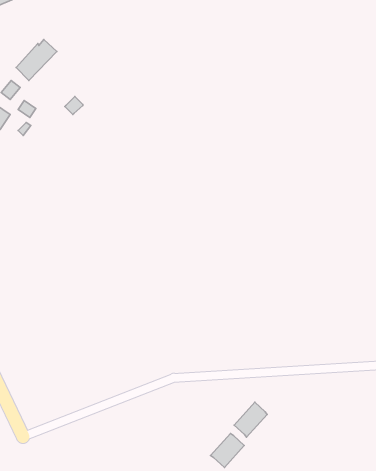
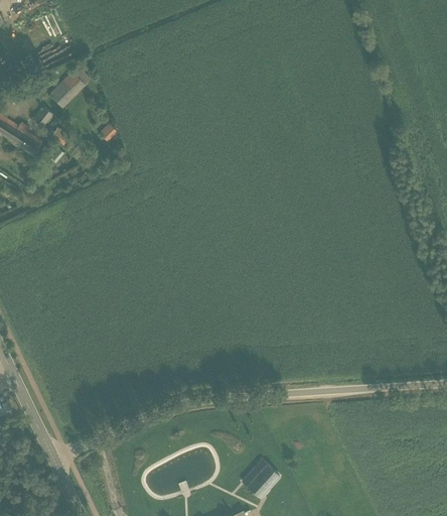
building: [234,402,267,437] -> none

